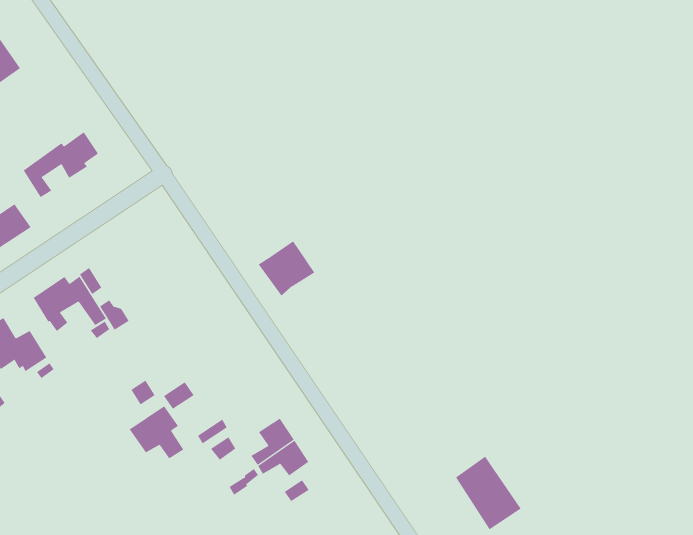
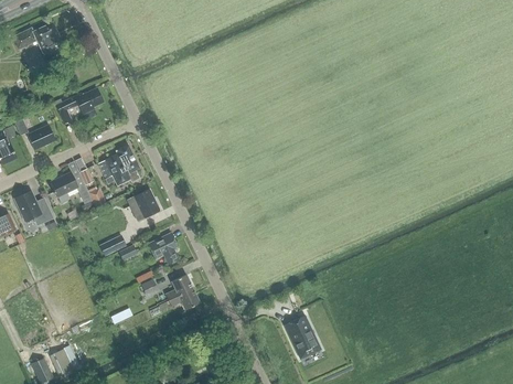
building: none -> [104,146,138,185]
building: [258,240,315,296] -> [126,190,159,222]
building: [129,406,184,459] -> [147,233,178,265]

